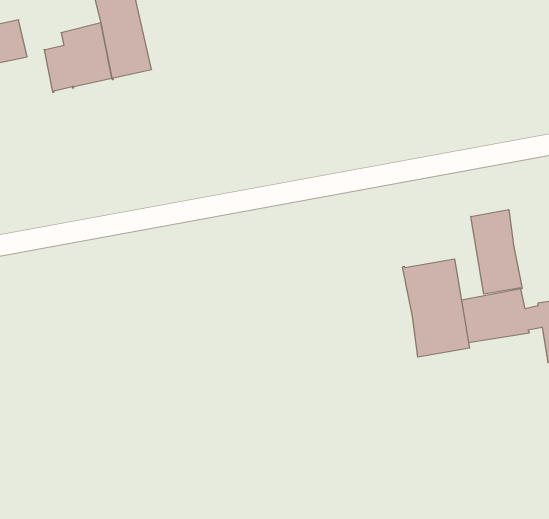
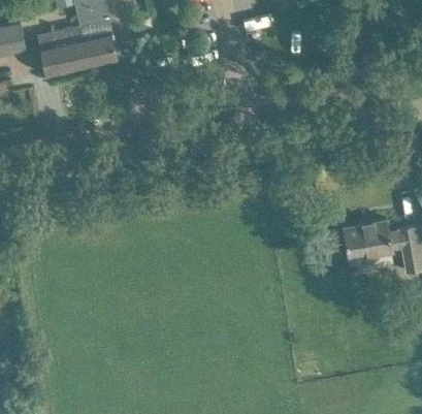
building: [471,210,522,294] -> none
building: [402,259,469,357] -> none

